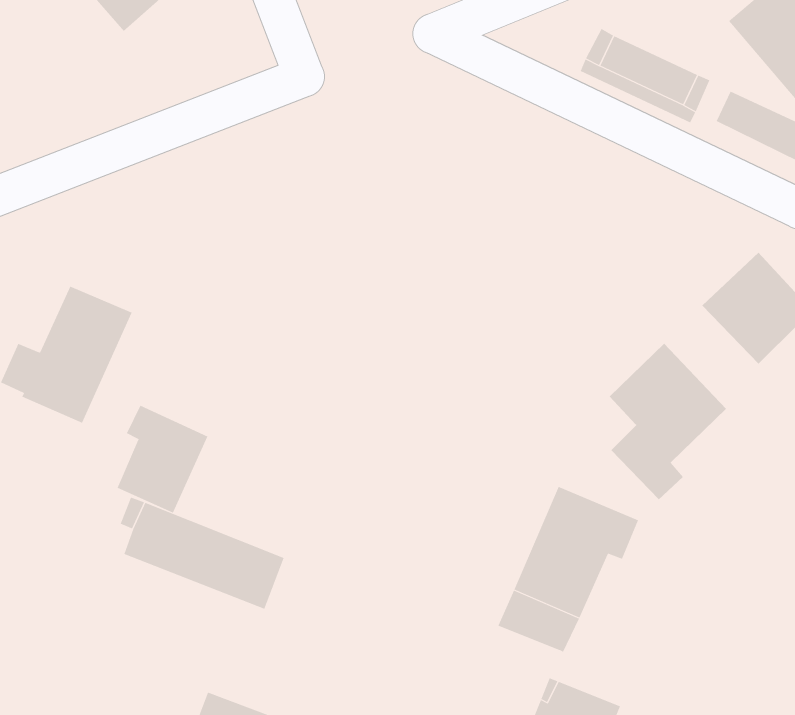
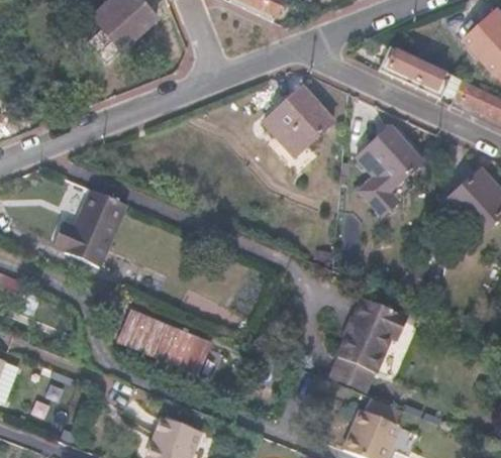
building: none -> [263,87,332,169]
building: [609,343,727,500] -> [355,126,421,215]
building: [117,405,208,513] -> none

